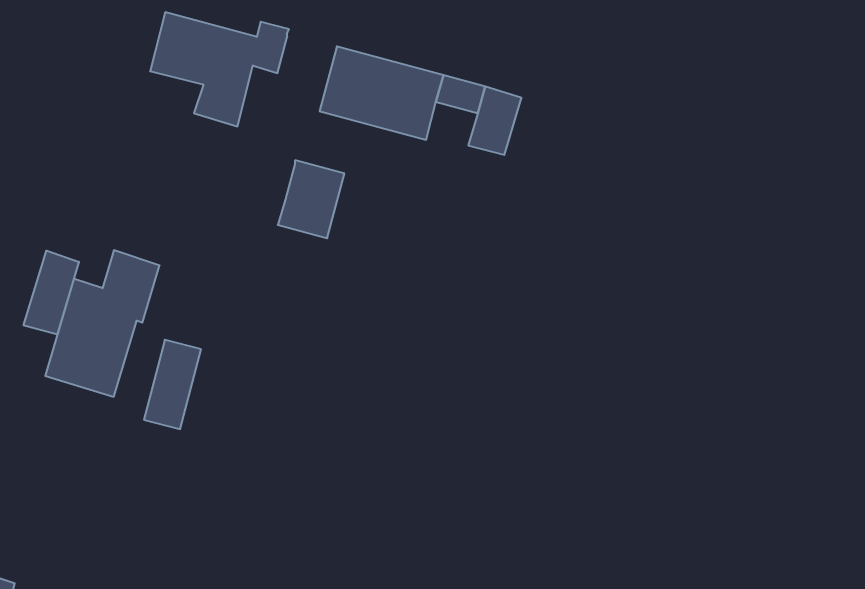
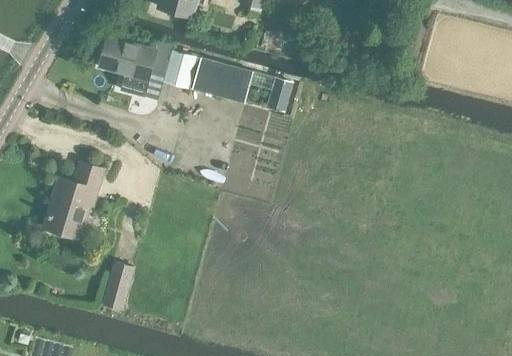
building: [278,160,344,238] -> [161,47,196,88]
building: [24,251,79,335] -> none
building: [144,340,201,429] -> [102,262,132,309]

